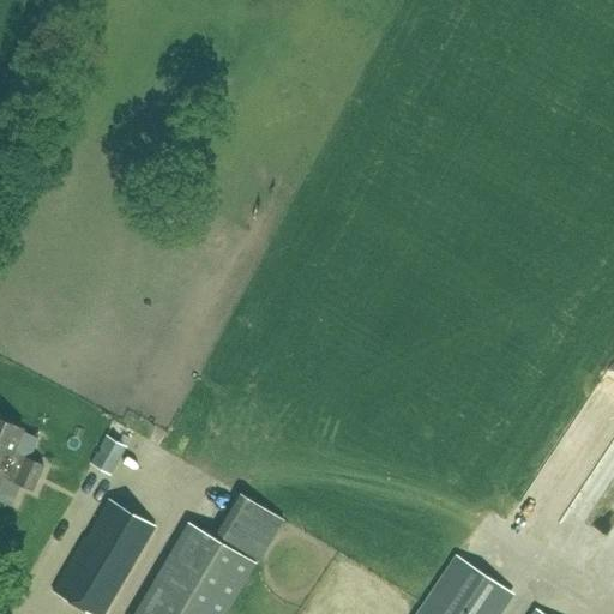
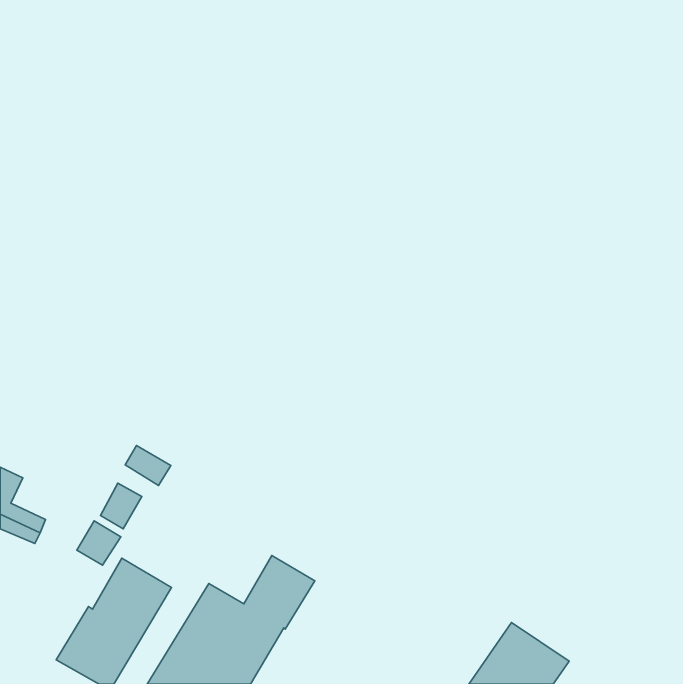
building: none -> [125,445,171,486]
building: none -> [77,521,121,565]

